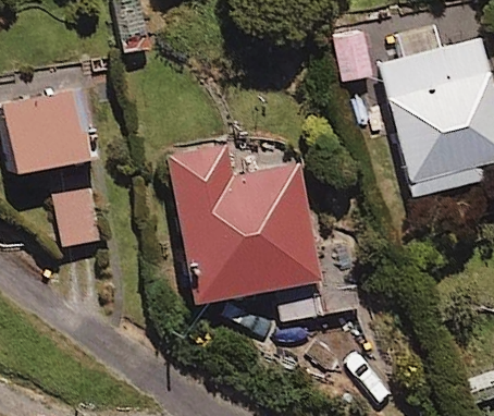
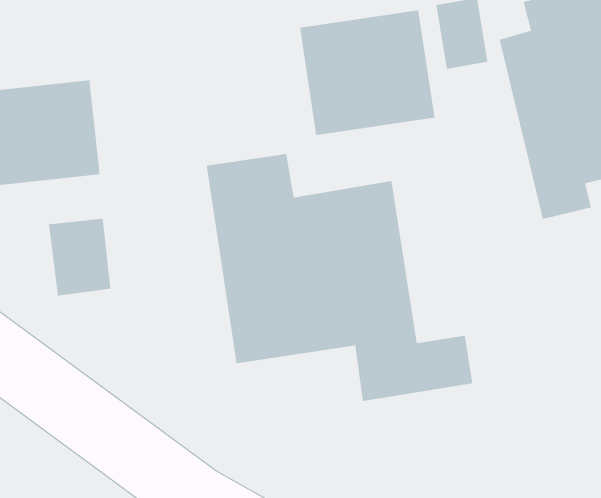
building: none -> [299,9,435,136]

